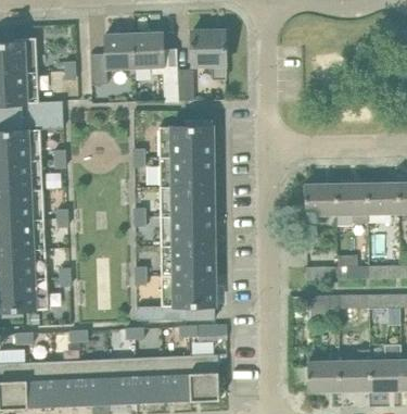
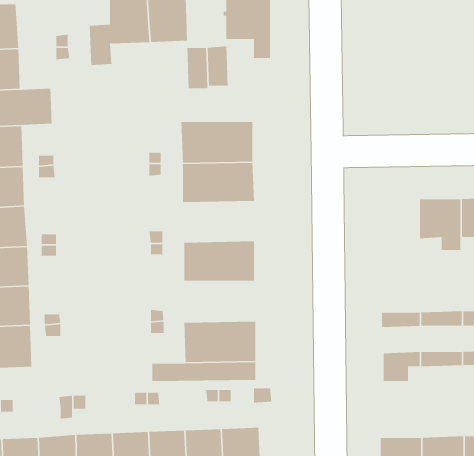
building: [305,184,336,214] -> none
building: [160,186,214,216] -> none
building: [161,246,215,276] -> none

